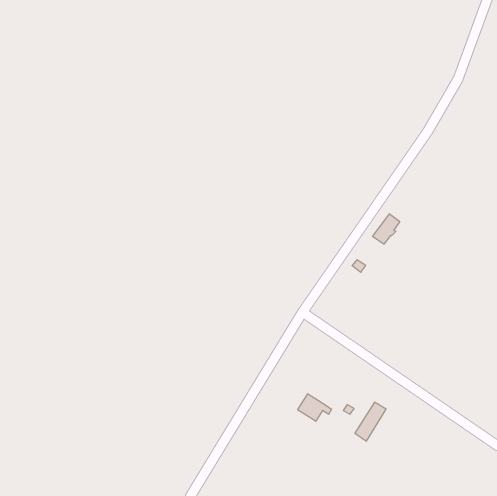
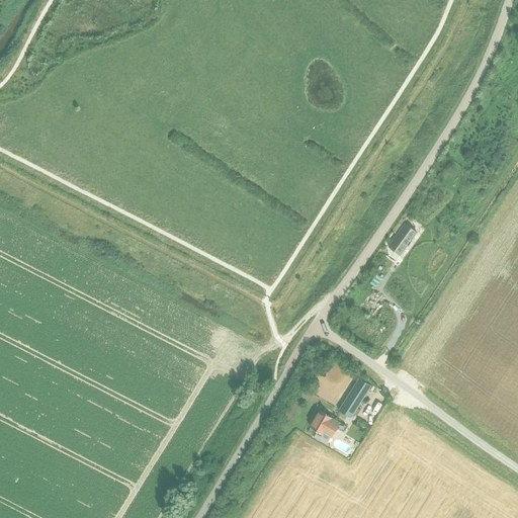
building: [355,402,386,441] -> [338,377,370,418]

